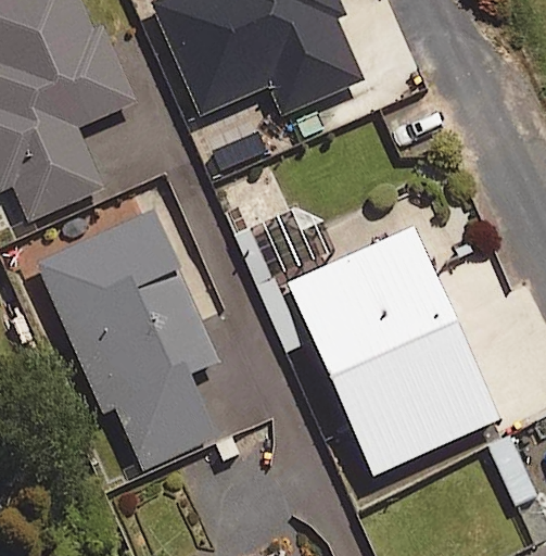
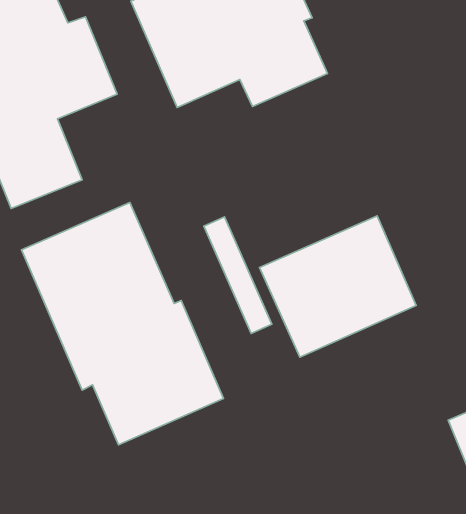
building: [331,323,496,473] -> none

